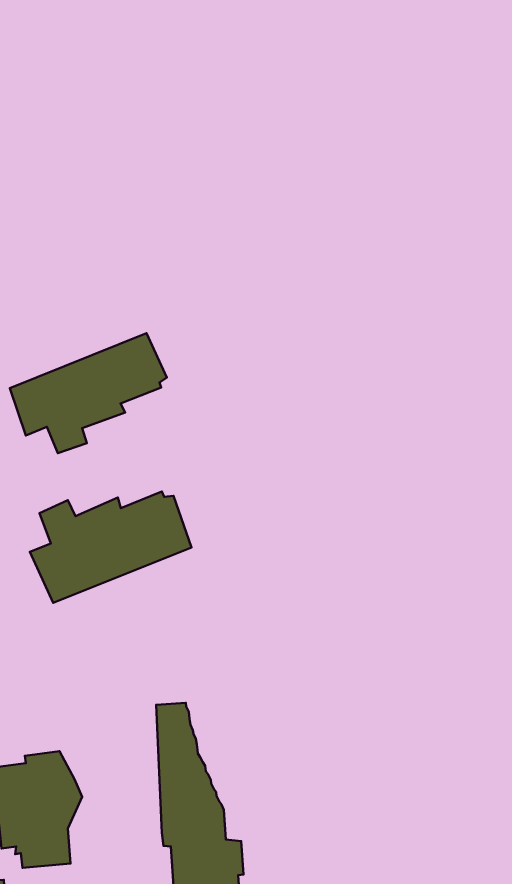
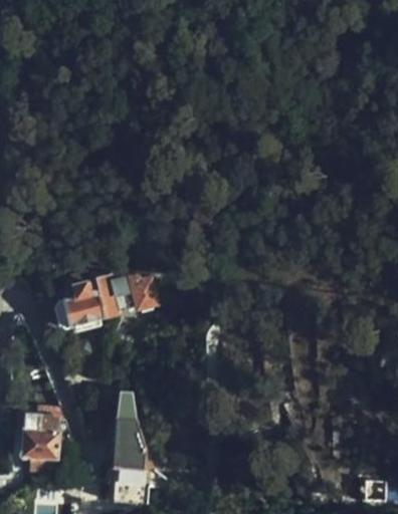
building: [10,333,167,453] -> none

